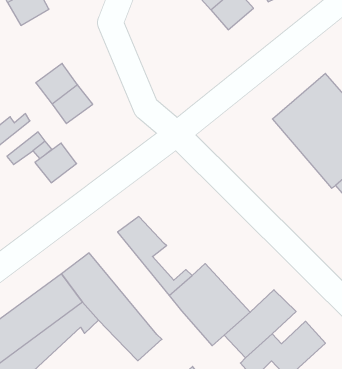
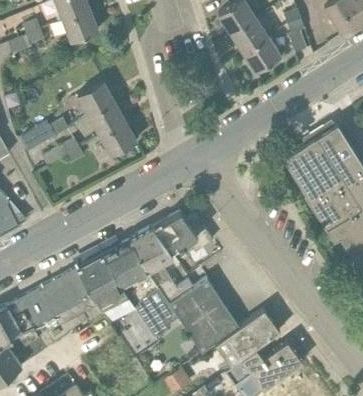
building: [35,143,77,183] -> [99,122,136,156]
building: none -> [152,213,213,255]
building: none -> [103,239,178,335]

